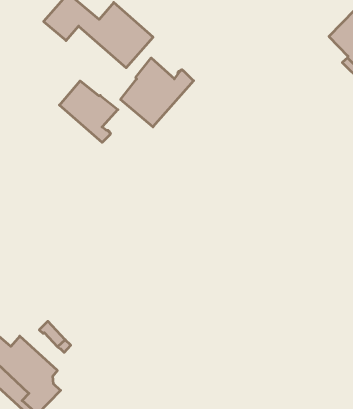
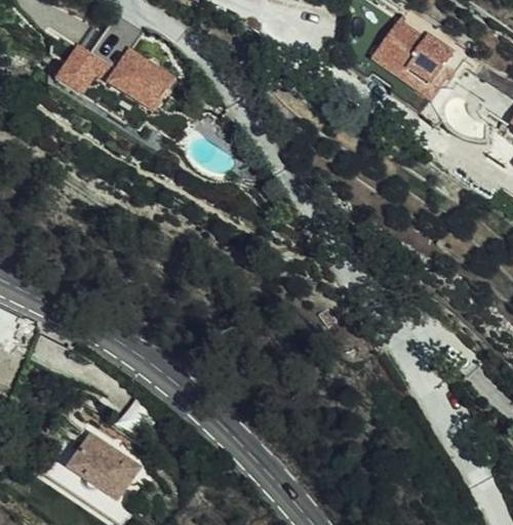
building: [121,58,194,127] -> none
building: [59,81,118,142] -> none

